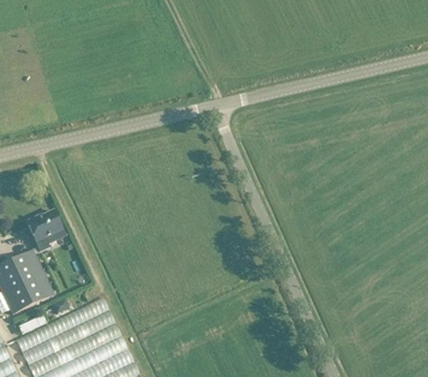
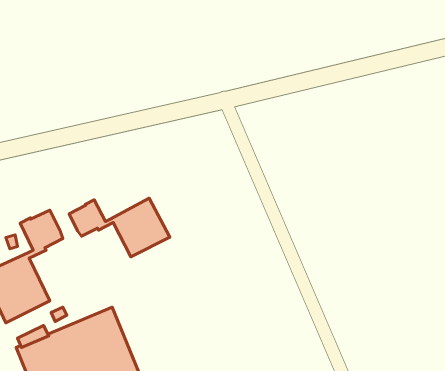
building: none -> [69,198,170,257]

